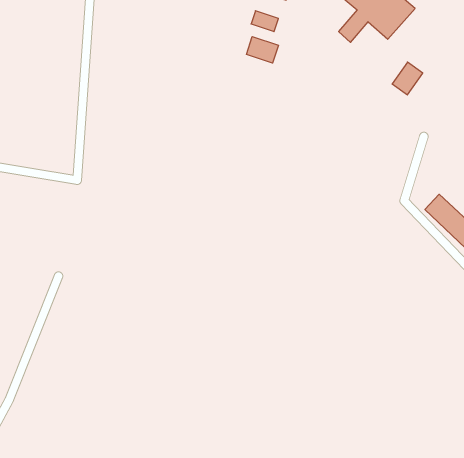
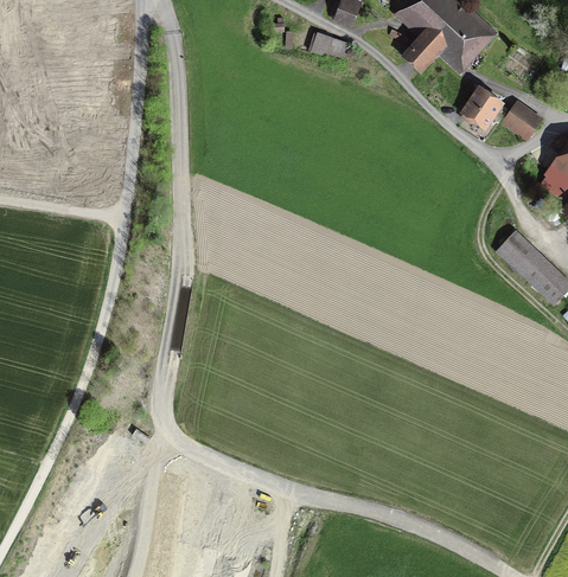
building: [246,37,278,63] -> none
building: none -> [503,104,535,135]

